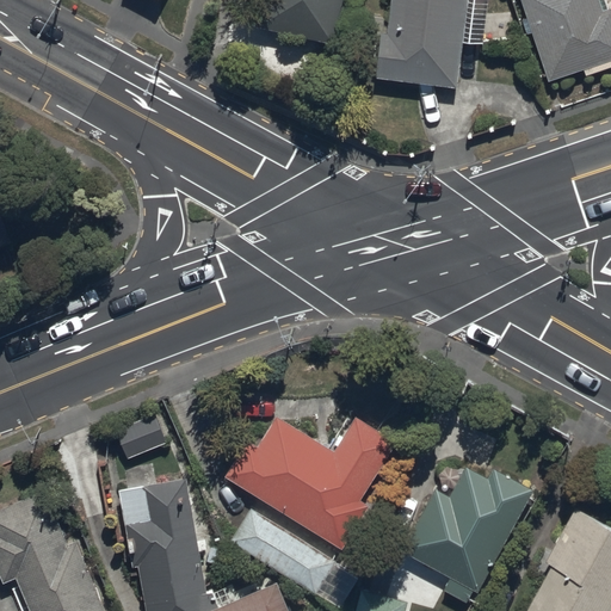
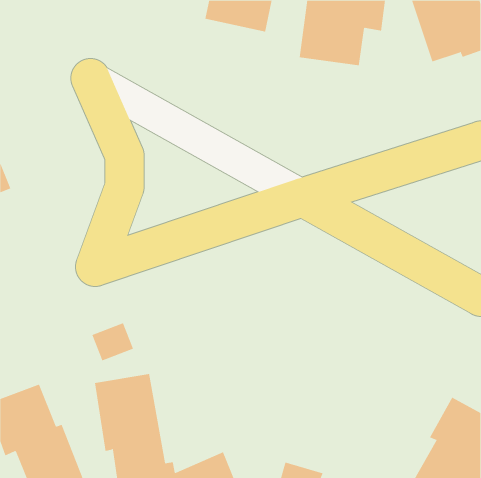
building: [226,408,401,551] -> none
building: [405,467,531,604] -> none

